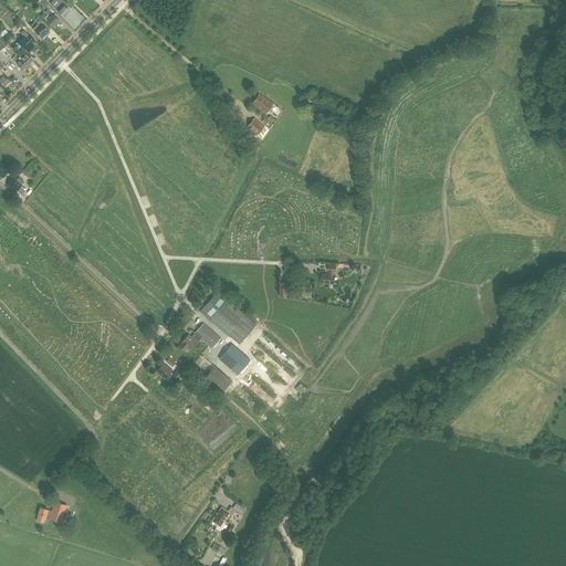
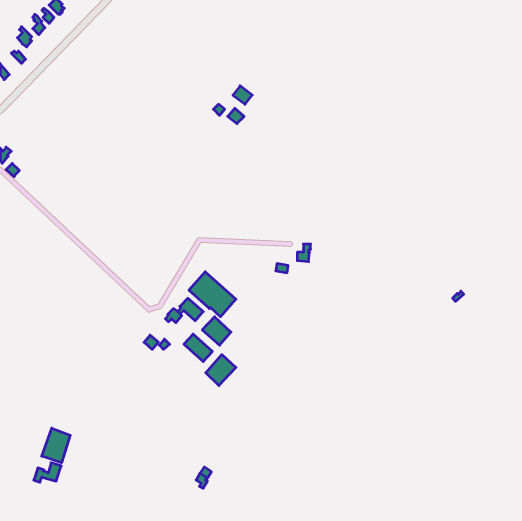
building: none -> [206,355,236,386]
building: none -> [42,428,70,463]

